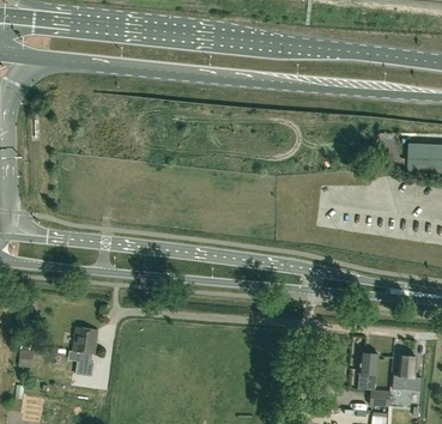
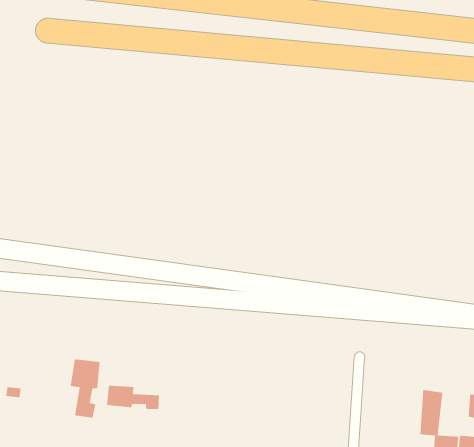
building: none -> [106,385,160,410]

